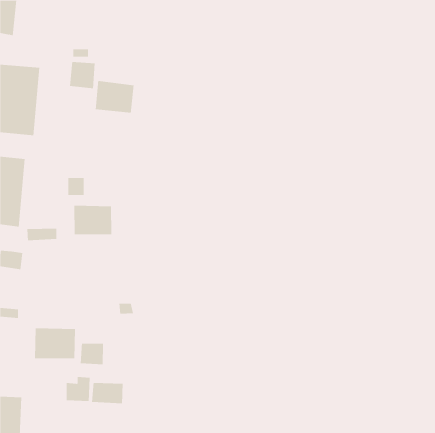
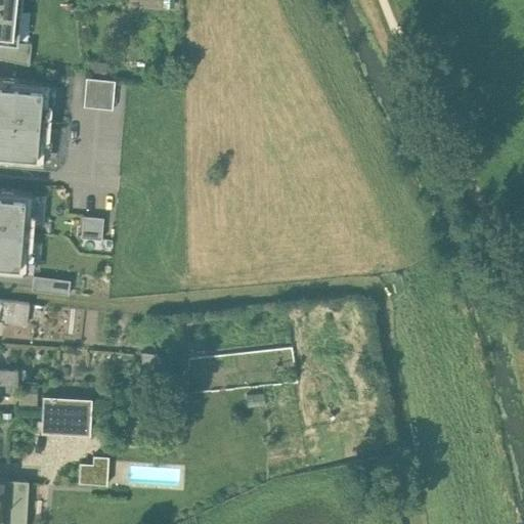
building: [95,80,134,114] -> none
building: [74,205,112,235] -> none
building: [80,343,104,365] -> none
building: [92,382,123,404] -> none

